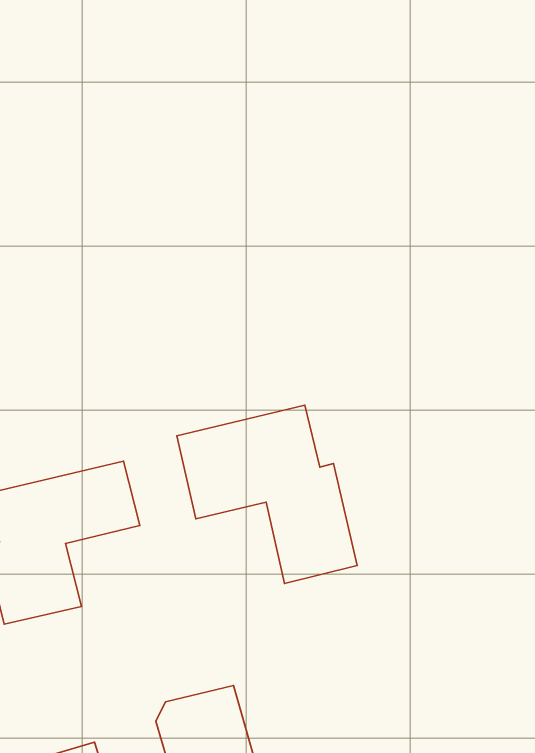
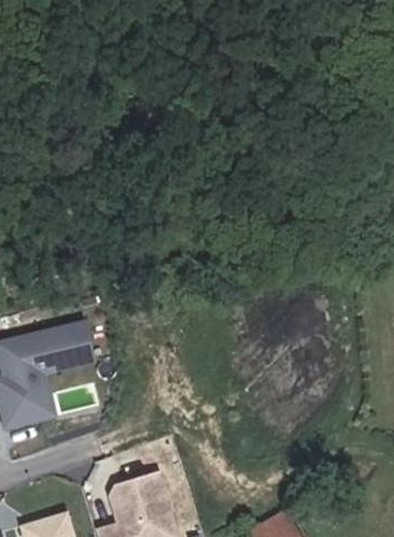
building: [177,405,357,584] -> none

